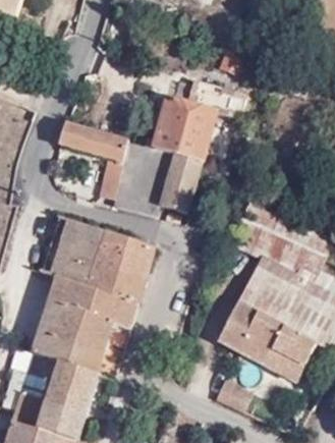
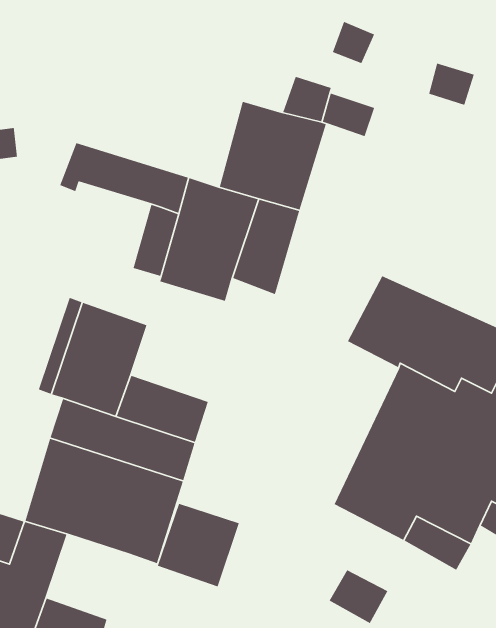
building: [98,232,155,279] -> none
building: [46,361,97,412] -> [157,503,240,588]

